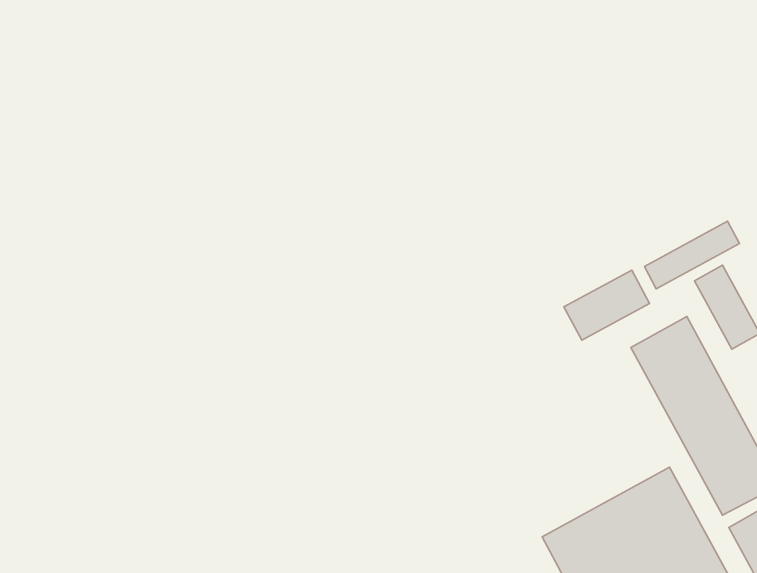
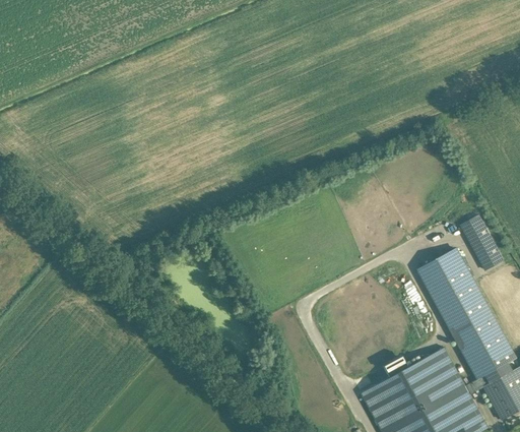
building: [644,221,740,289] -> none
building: [564,270,649,340] -> none

